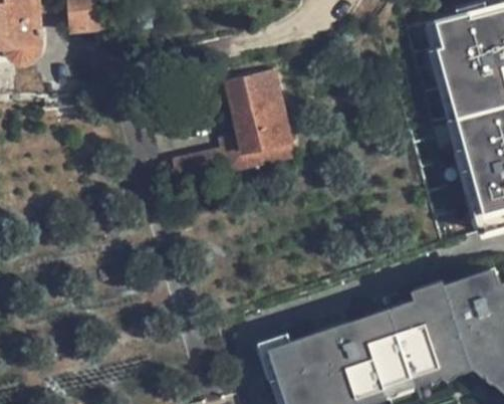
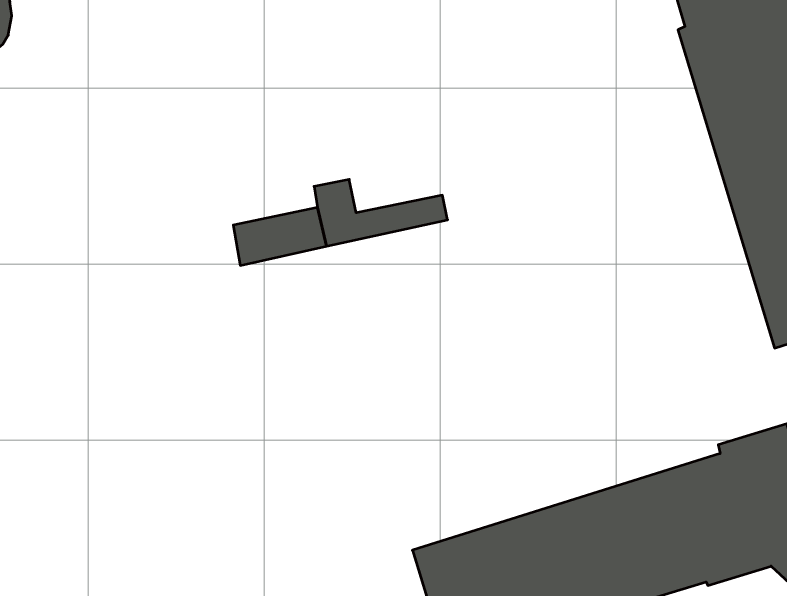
building: [225,74,289,154] -> none

